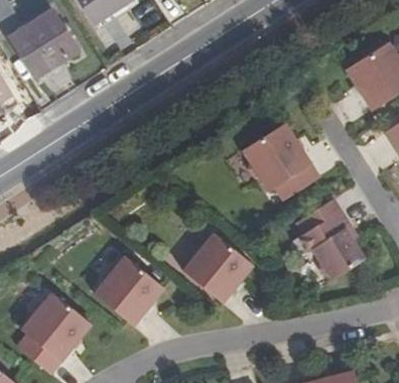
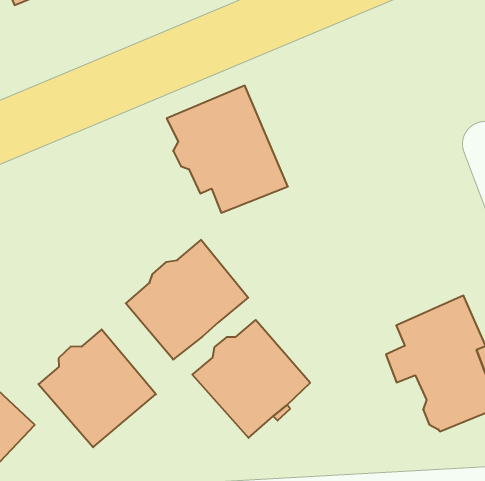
building: [240,125,317,202] -> [167,86,288,213]
building: none -> [126,240,248,360]

